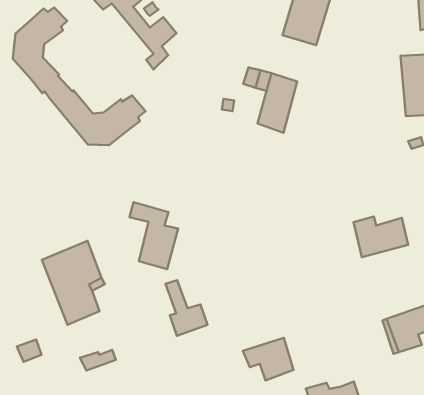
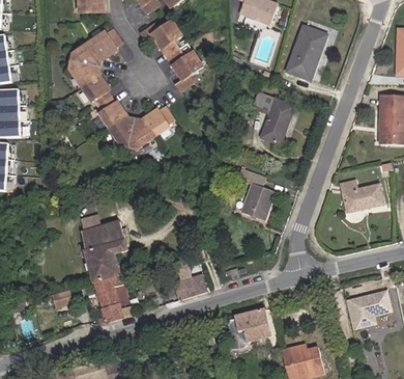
building: [129,202,178,269] -> [236,167,273,222]
building: [353,216,408,257] -> [336,180,377,211]
building: none -> [95,275,123,310]

